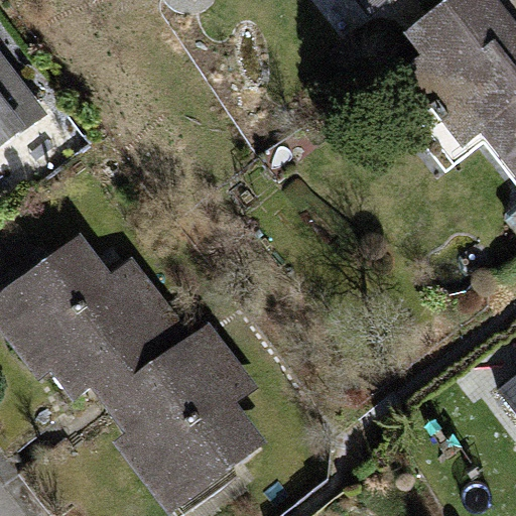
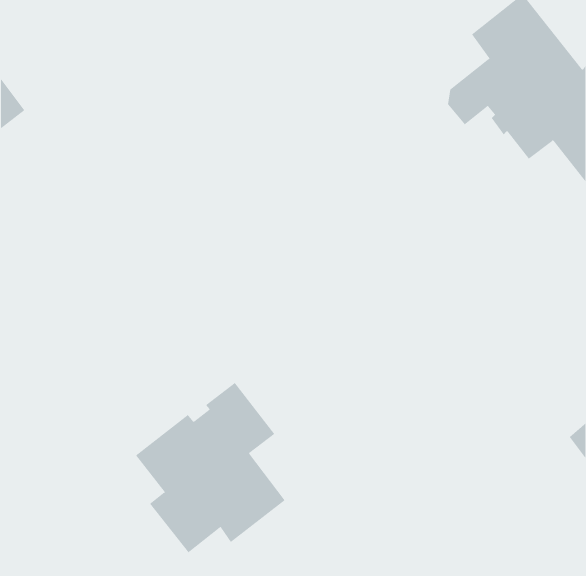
building: [8,246,164,384] -> none

